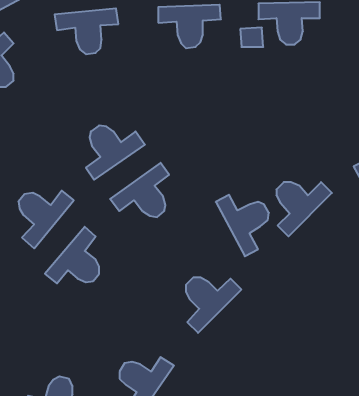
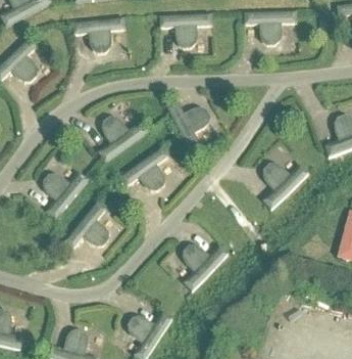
building: [216,195,269,256] -> [165,98,210,150]

